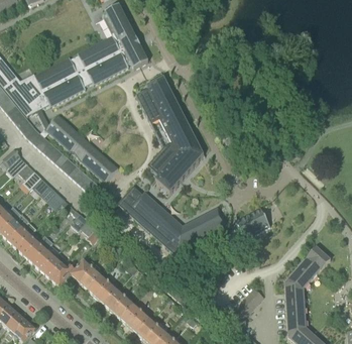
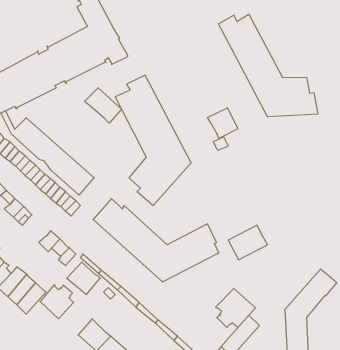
building: none -> [219,14,318,117]
building: none -> [85,88,121,123]
building: none -> [208,108,238,139]
building: none -> [216,288,256,328]
building: [87,275,116,304] -> [67,262,100,294]

